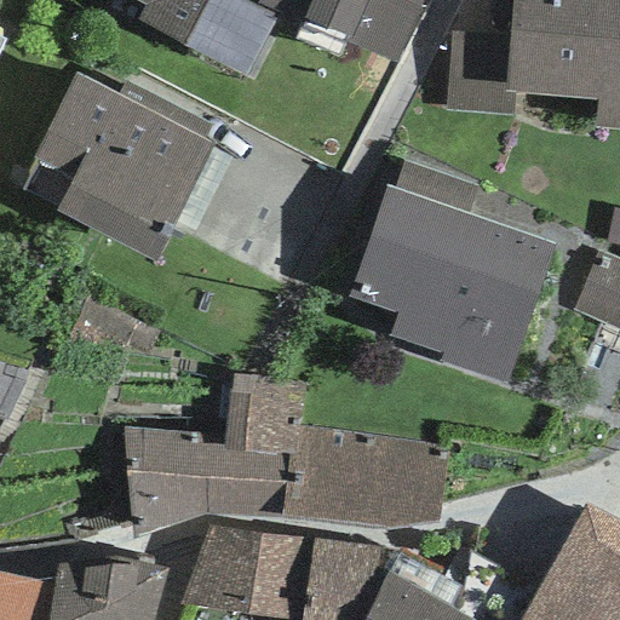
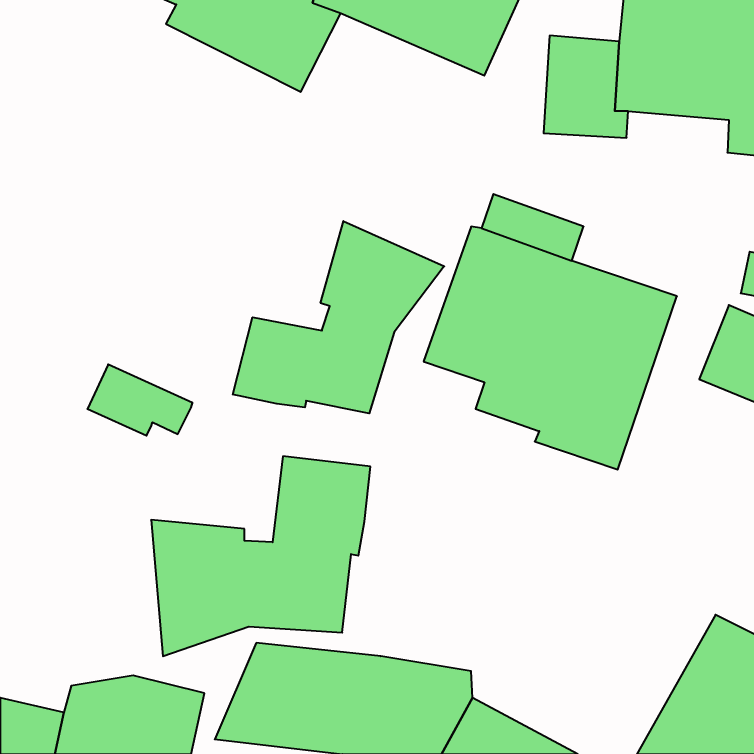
building: [23,73,214,259] -> none
building: none -> [233,221,444,413]
building: [282,426,447,528] -> none

